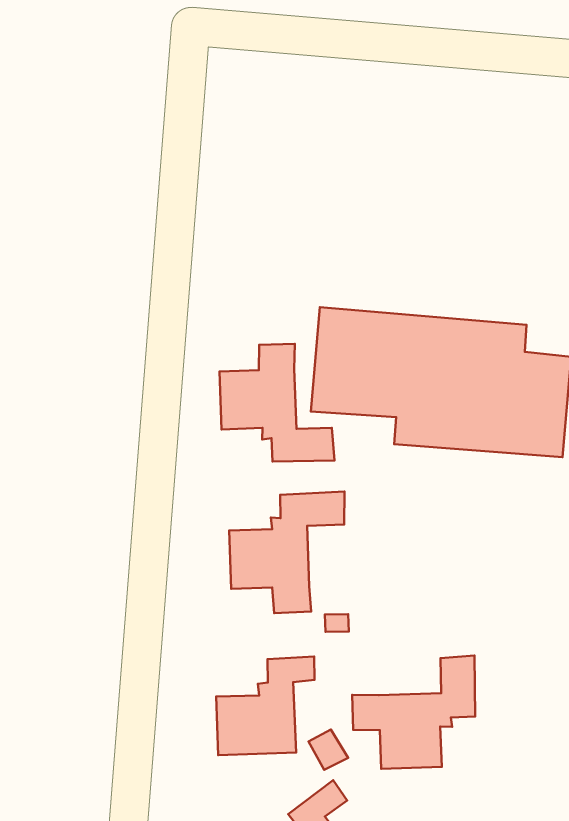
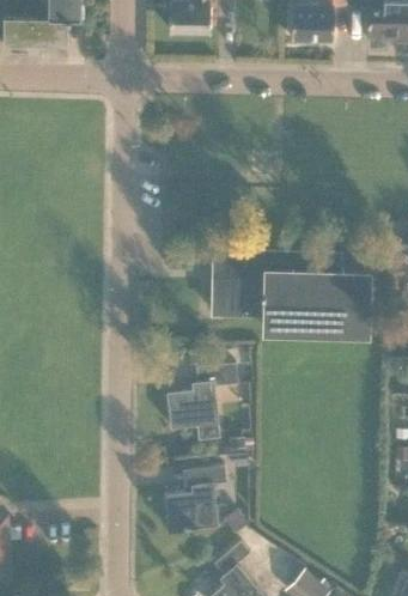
building: [219,344,334,461] -> none
building: [352,656,475,769] -> none

